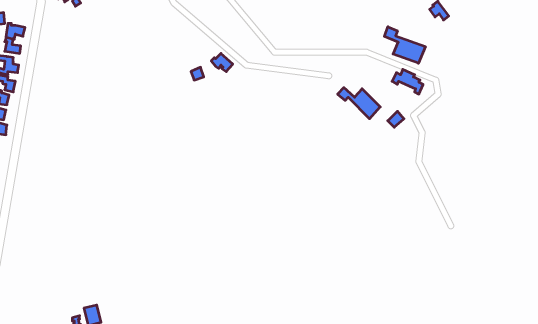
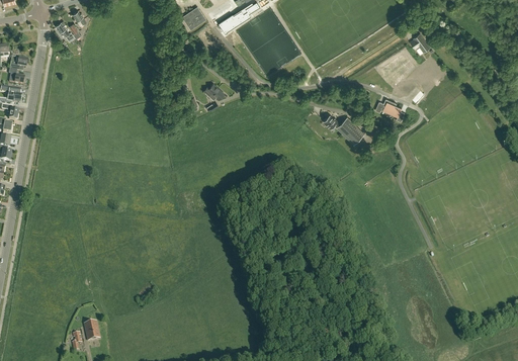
building: [384,27,425,63] -> none

